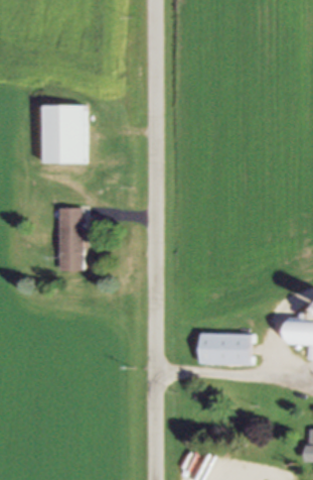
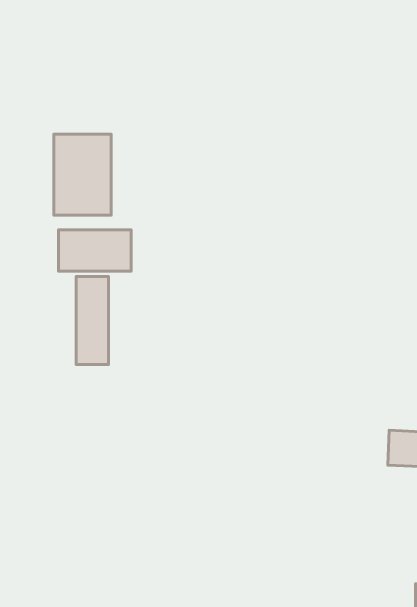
building: none -> [59,230,131,271]
building: [198,334,252,364] -> none

